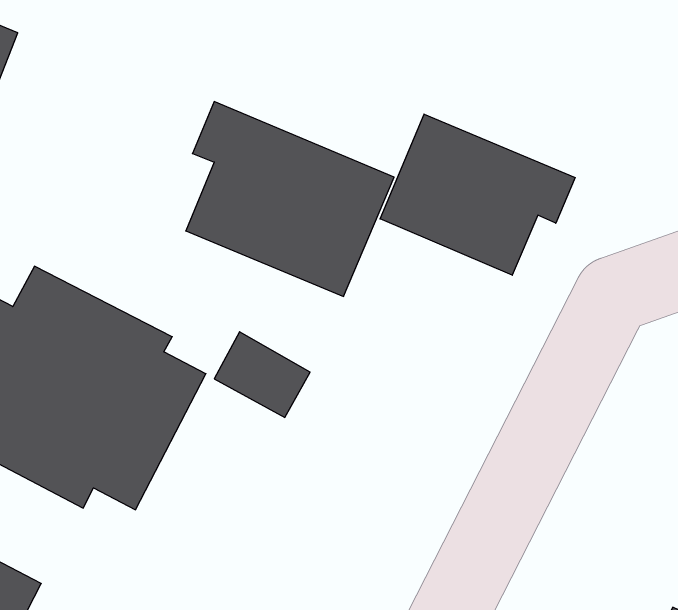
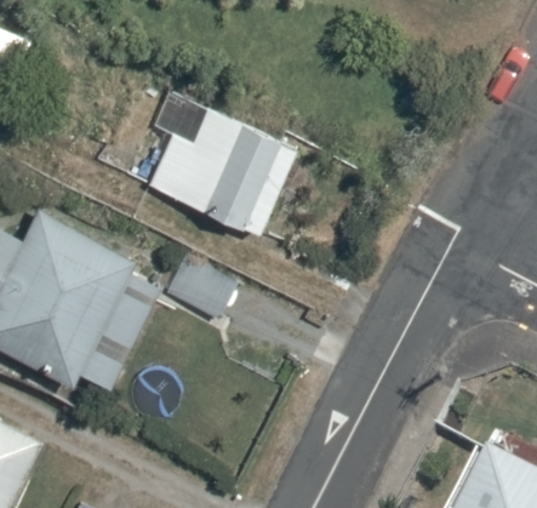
building: [380,114,575,275] -> none

